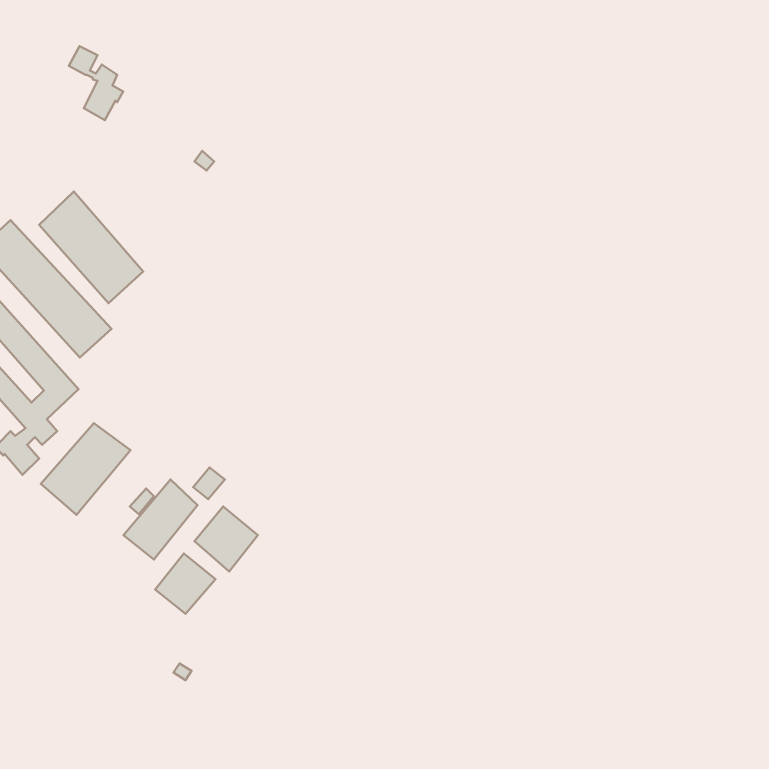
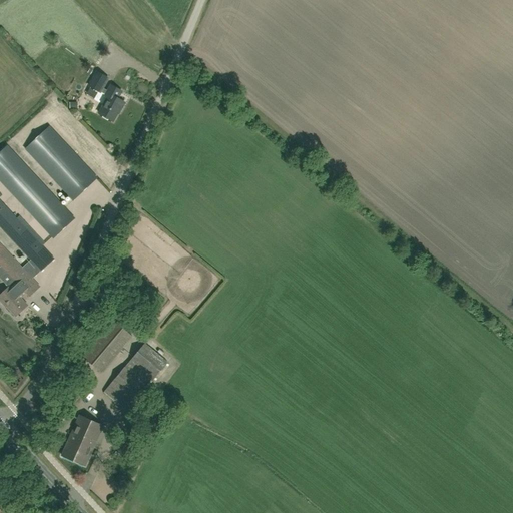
building: [69,46,123,120] -> [88,72,124,121]
building: [41,423,130,515] -> none
building: none -> [61,414,102,464]

